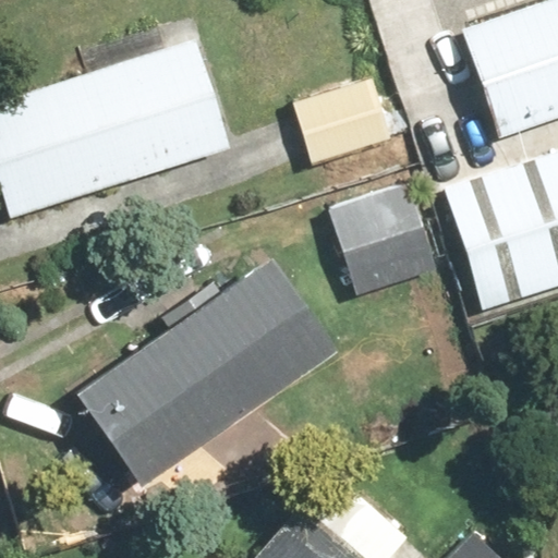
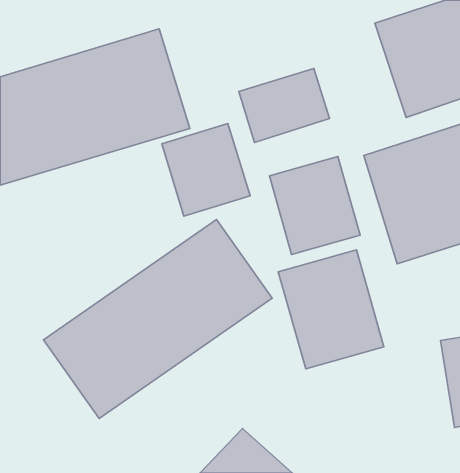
building: none -> [162,124,250,216]
building: none -> [278,250,384,369]

